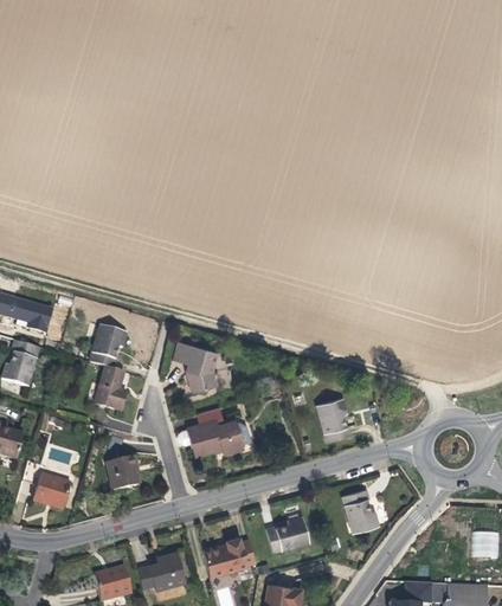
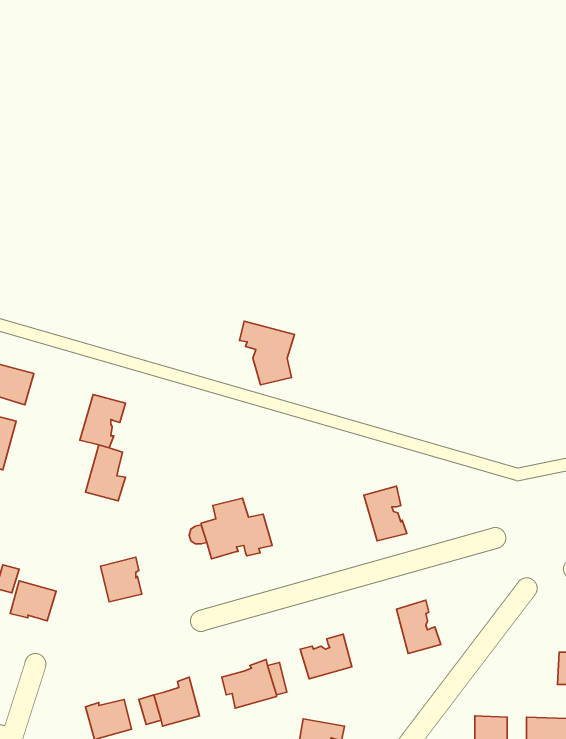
building: [175,341,219,392] -> [240,321,294,385]

